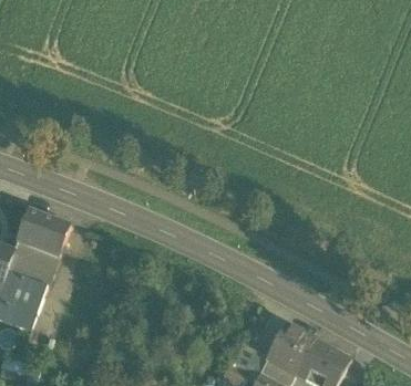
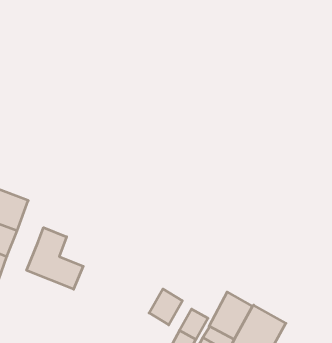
building: none -> [27,228,83,289]
building: none -> [149,289,182,325]

